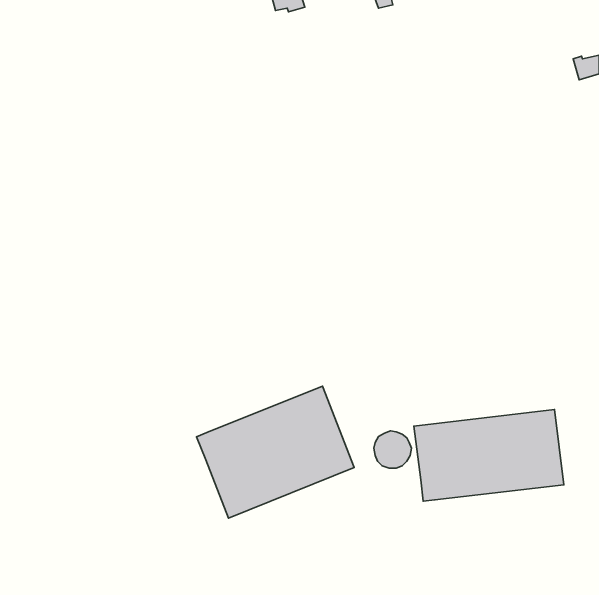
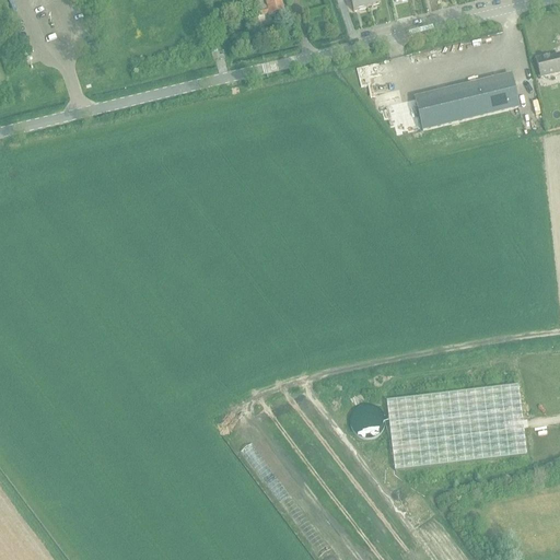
building: none -> [415,72,518,127]
building: [196,386,354,518] -> none

